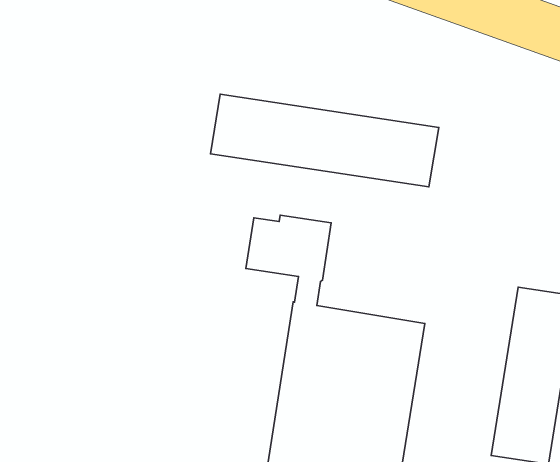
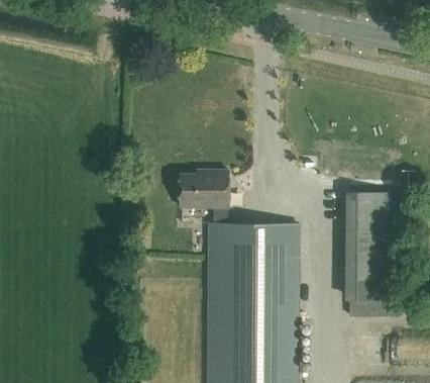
building: [210,94,439,187] -> none

